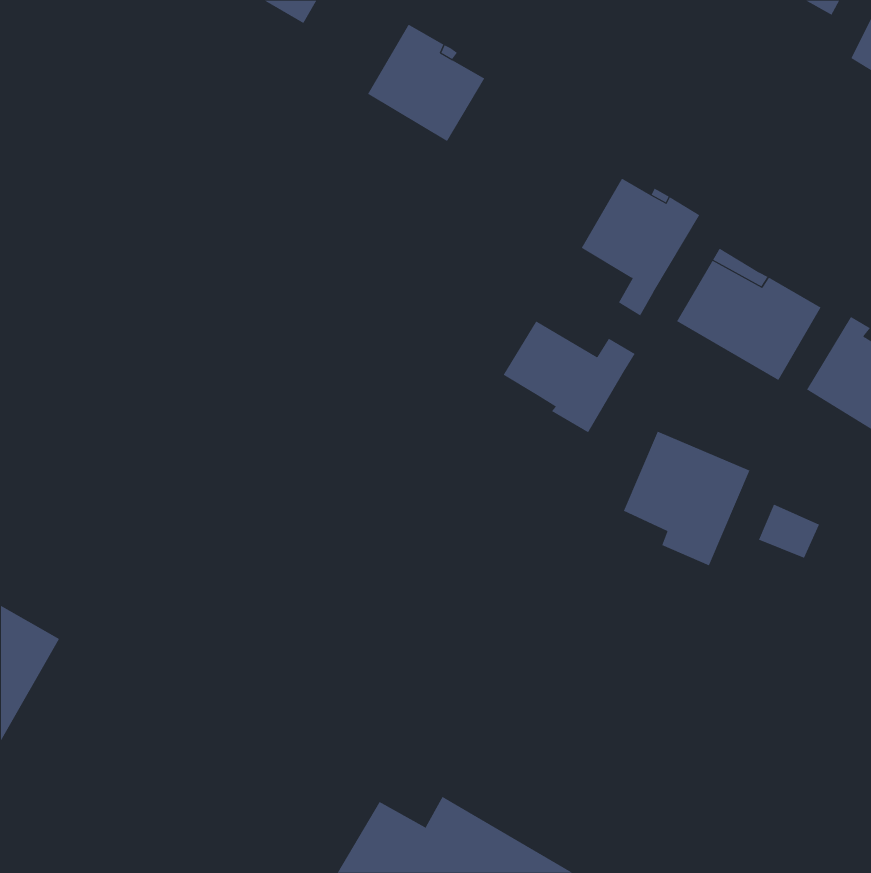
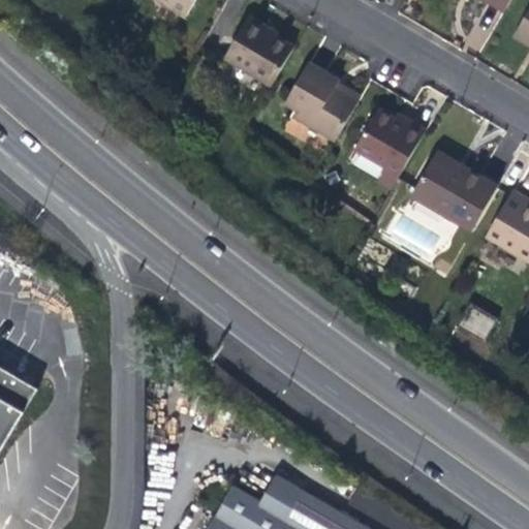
building: none -> [285,63,359,139]
building: [503,320,636,433] -> none
building: [623,431,750,566] -> none

